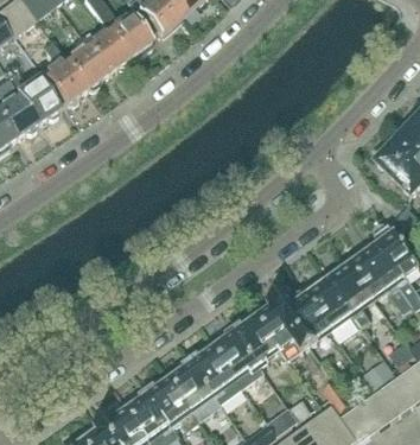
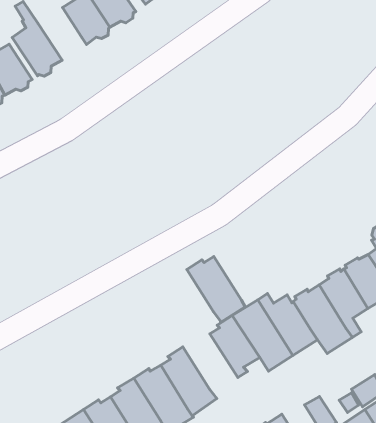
building: [63,42,108,89] -> none
building: [210,329,265,388] -> [187,257,245,323]

